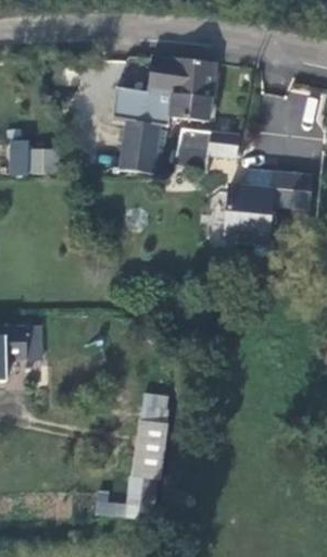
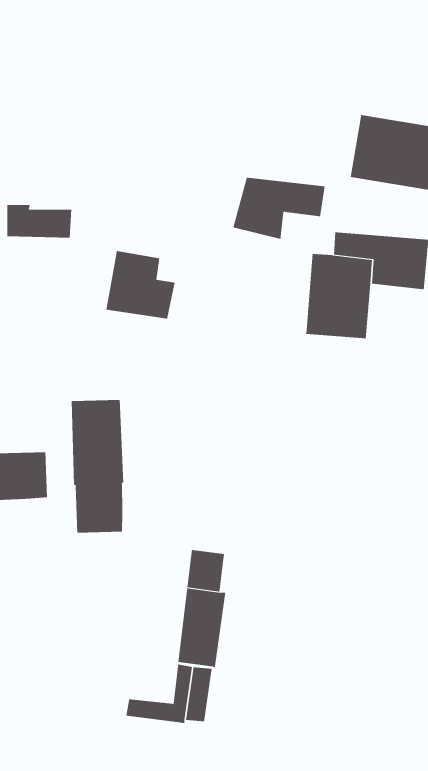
building: [111,54,216,126] -> none
building: [118,125,168,174] -> [105,250,176,319]
building: none -> [71,399,124,533]

